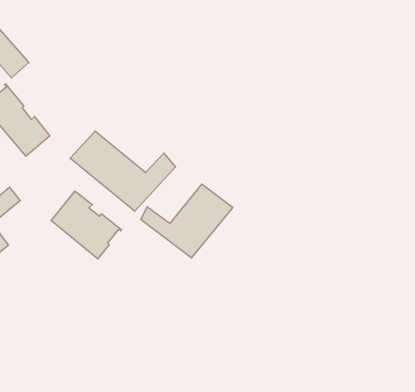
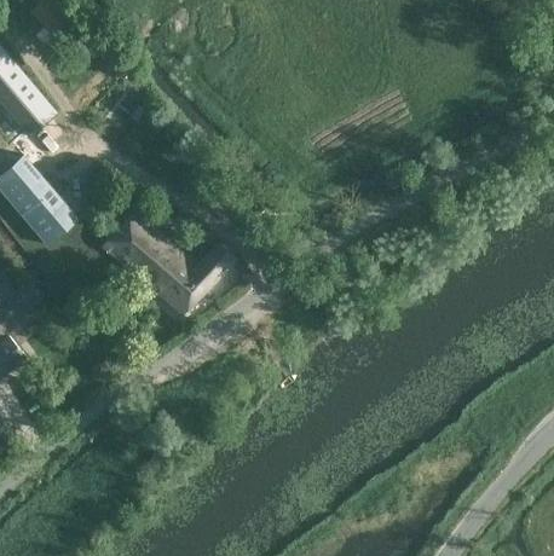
building: [141,184,233,258] -> none
building: [51,191,122,259] -> none

